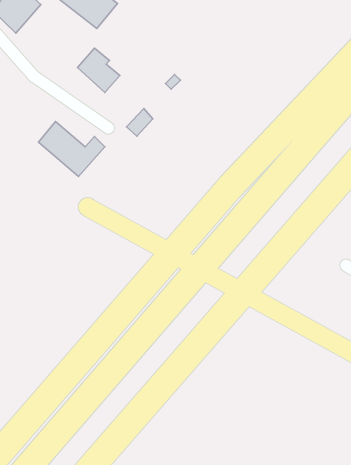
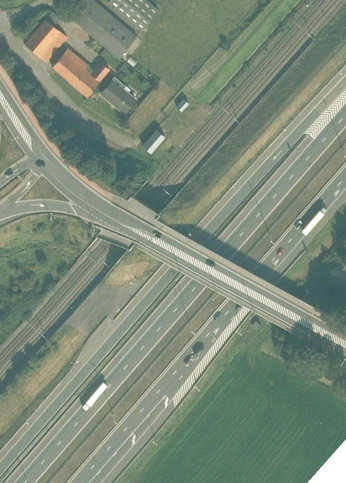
building: [38,122,105,176] -> [50,47,108,95]

